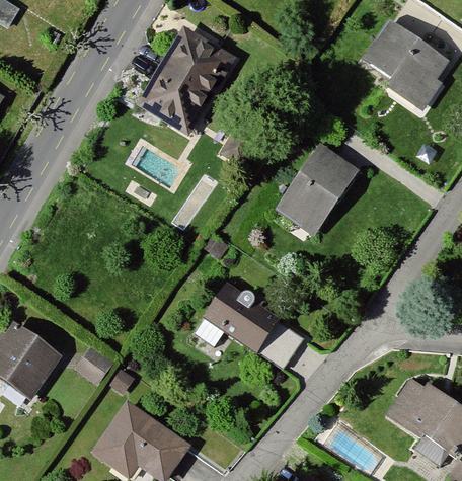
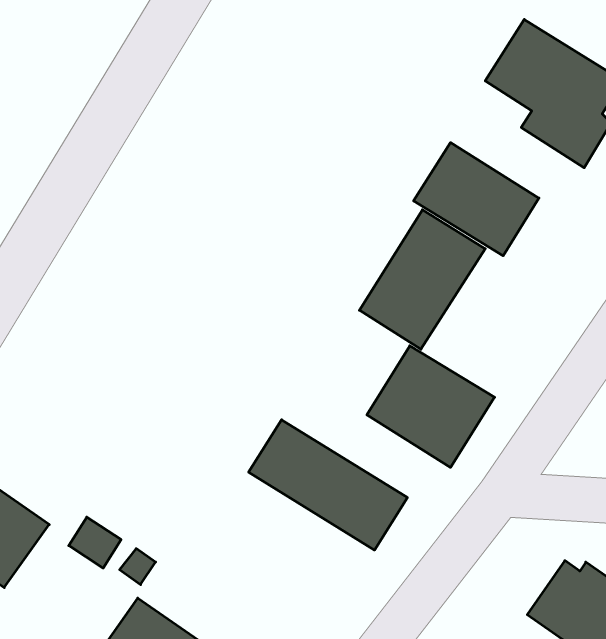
building: [135,23,236,134] -> none
building: none -> [414,143,539,256]
building: none -> [367,346,495,467]

